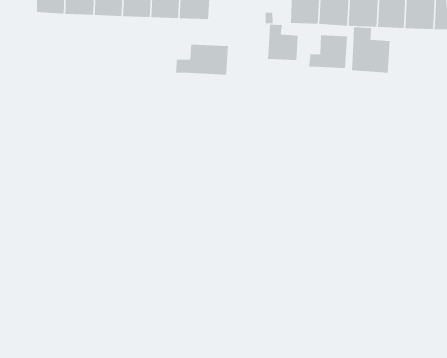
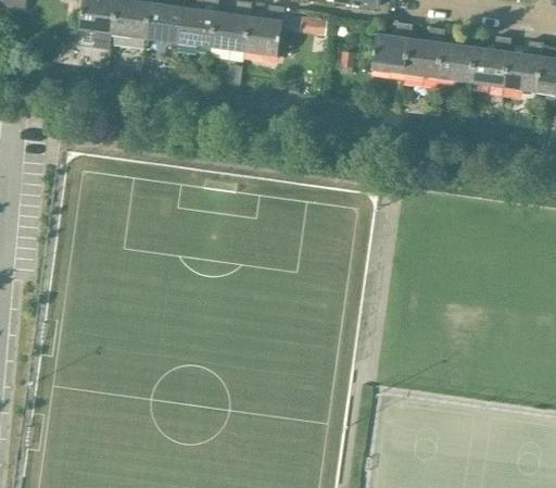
building: [268,24,298,61] -> none
building: [351,26,390,73] -> none
building: [309,34,348,69] -> none
building: [176,44,228,75] -> none

